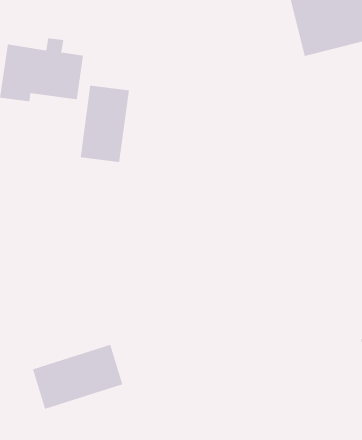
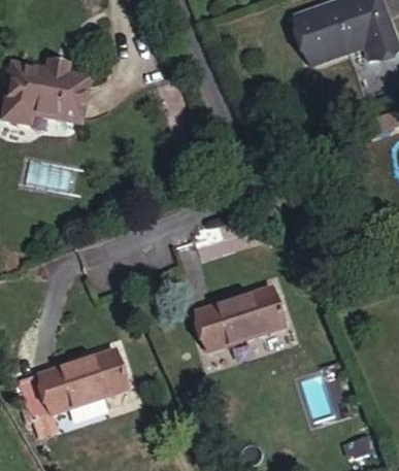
building: [80,85,129,163] -> none
building: none -> [195,288,286,354]

